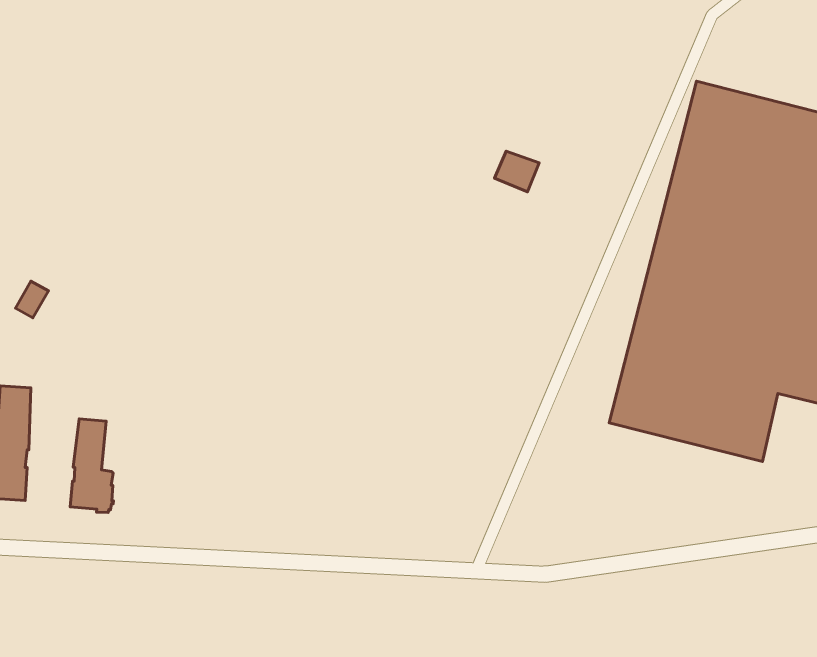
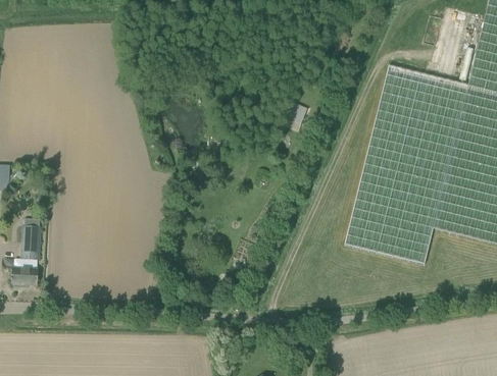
building: [70,419,114,513] -> none

